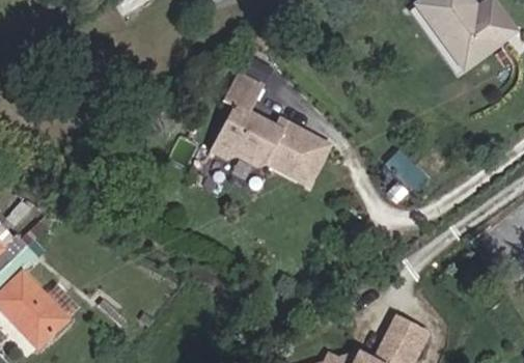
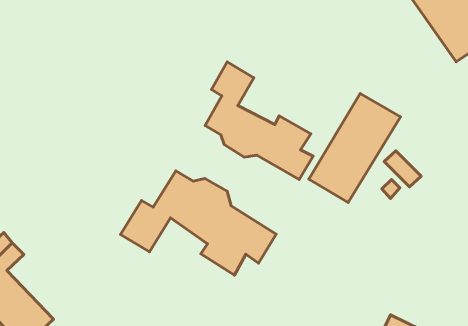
building: none -> [309,94,401,203]
building: none -> [120,171,276,275]

